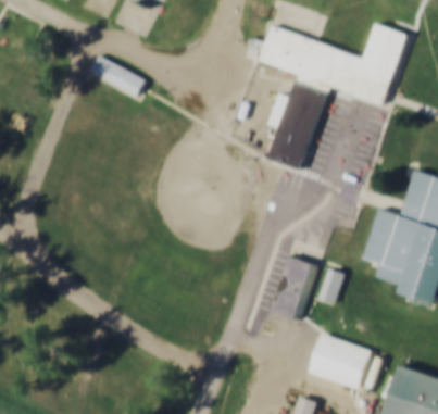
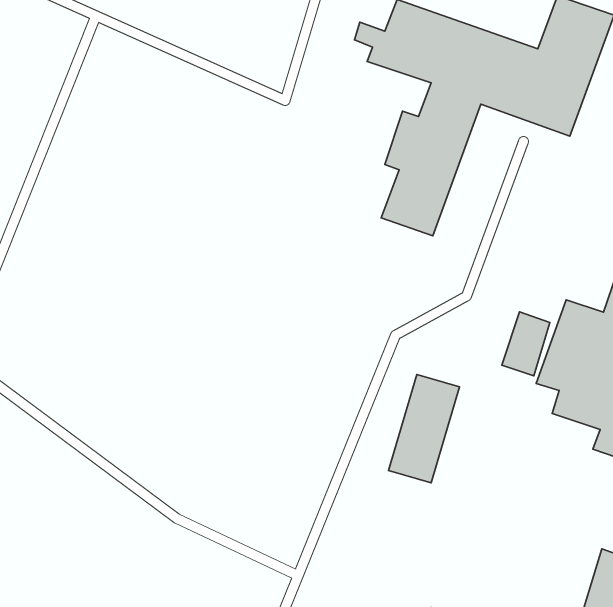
building: [89,51,149,98] -> none
building: [316,267,346,306] -> [502,312,550,376]
building: [309,333,373,390] -> none

